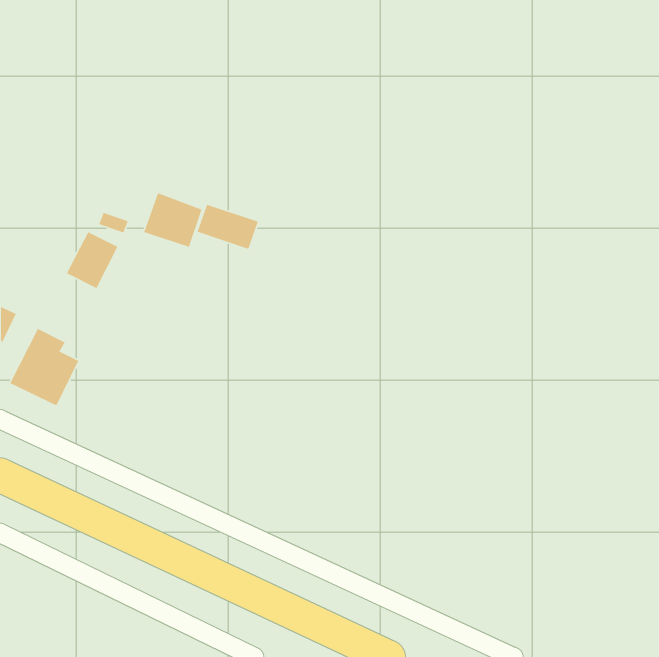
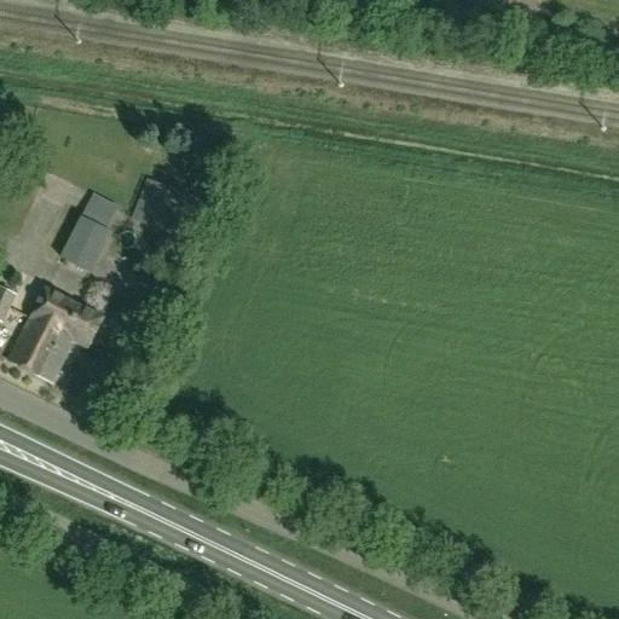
building: [197,204,259,250] -> none
building: none -> [35,287,104,346]

